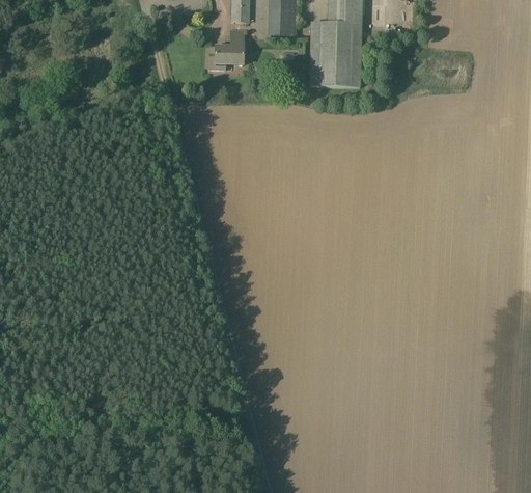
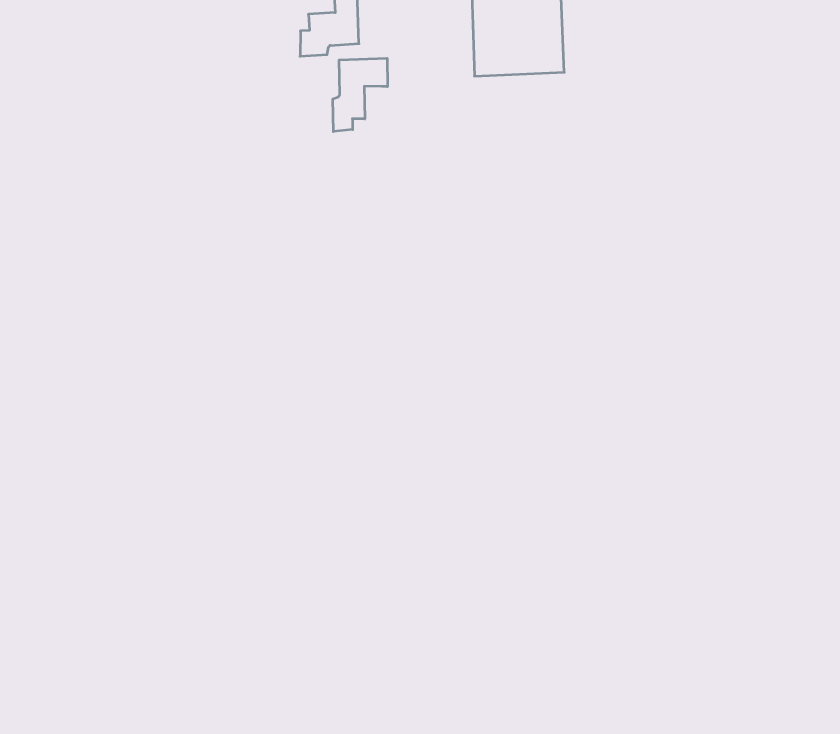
building: none -> [333,58,387,132]

